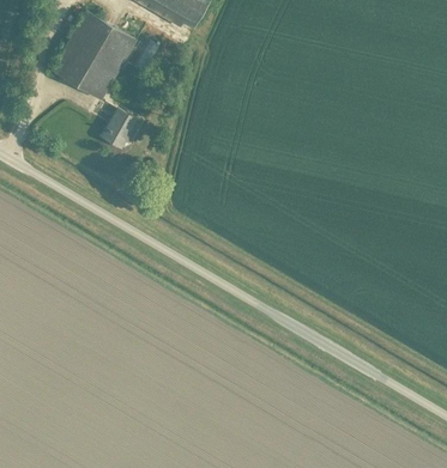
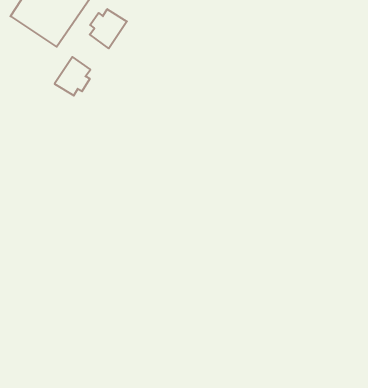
building: none -> [90,9,127,48]

